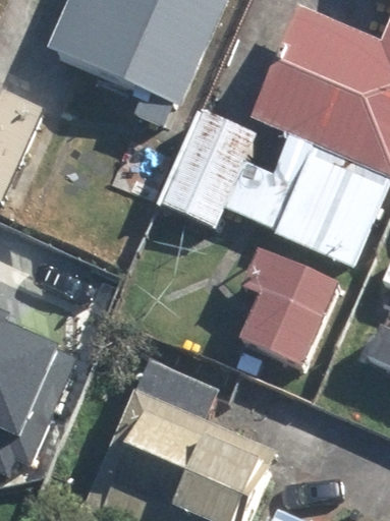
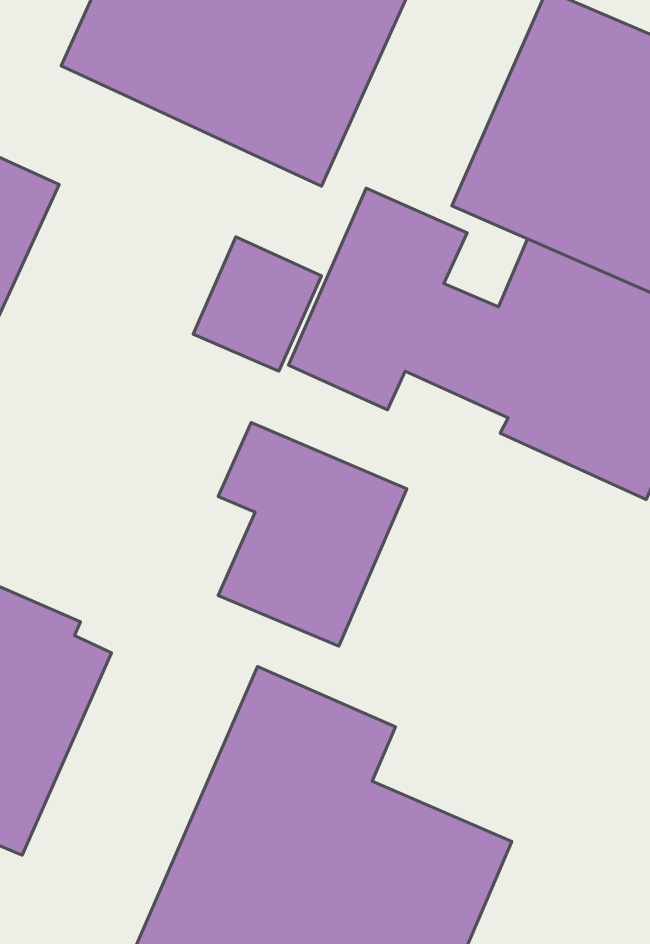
building: [239,250,338,367] -> [218,423,407,646]

